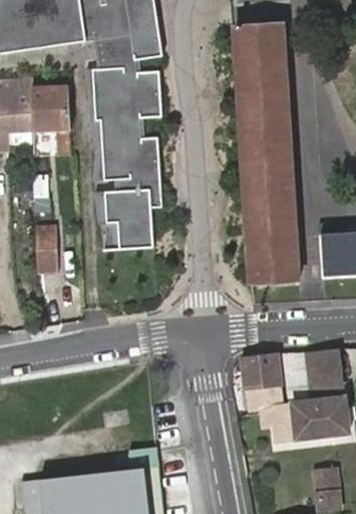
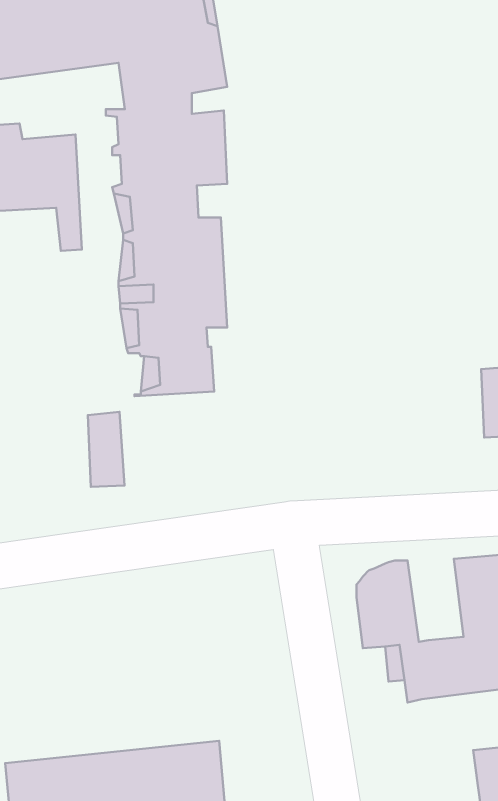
building: [234,24,298,281] -> none
building: [33,235,56,282] -> [88,412,124,487]
building: [282,352,310,404] -> none

